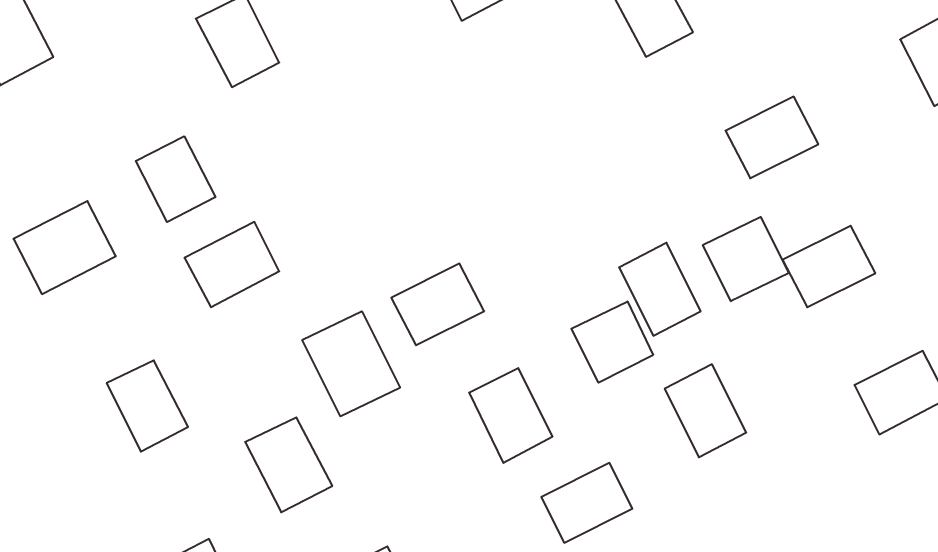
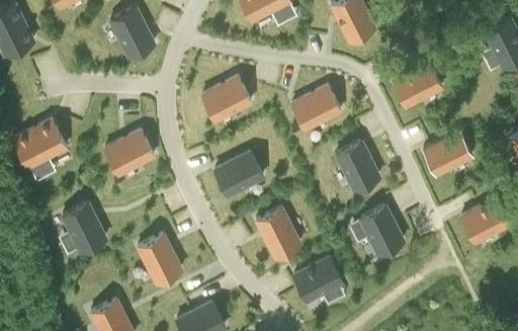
building: none -> [200,77,251,122]
building: [136,136,215,222] -> none
building: none -> [290,86,341,132]
building: [703,217,789,301] -> none
building: [571,301,653,383] -> none
building: [302,311,400,416] -> none

